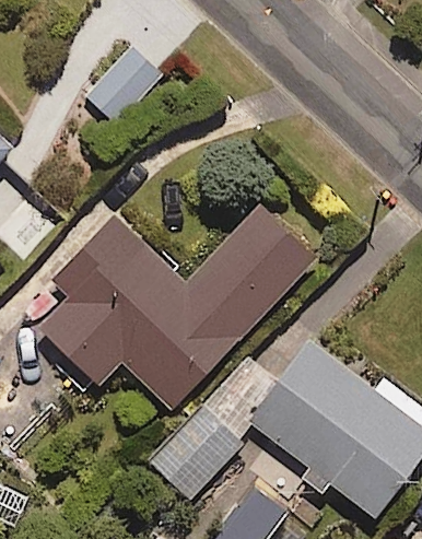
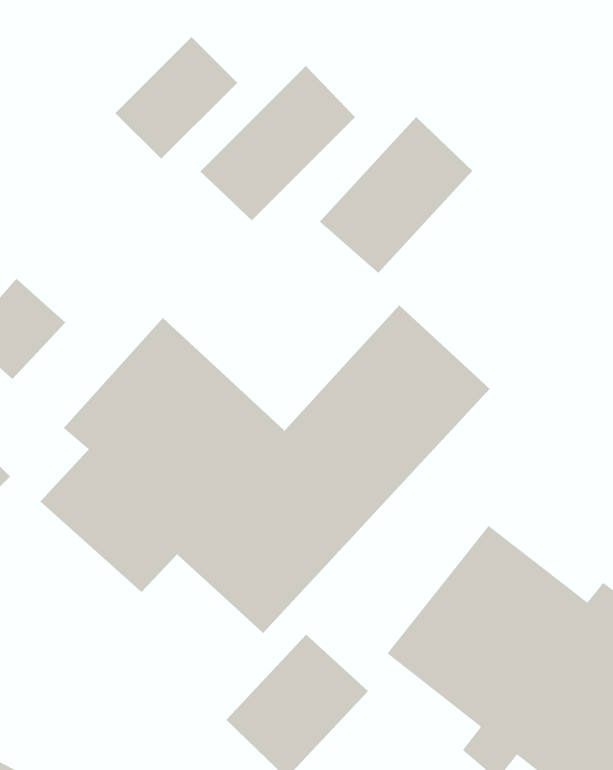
building: none -> [200,65,356,221]
building: none -> [319,116,473,274]

